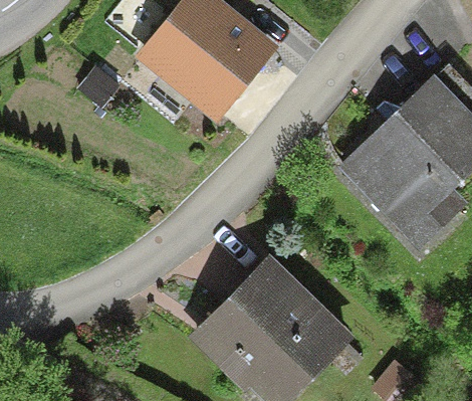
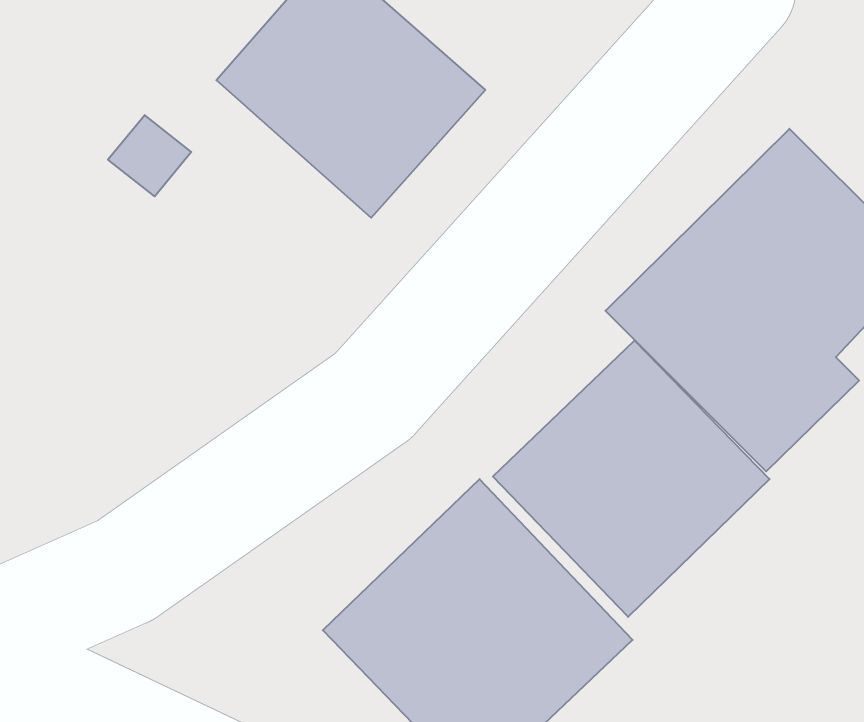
building: none -> [493,340,770,617]

